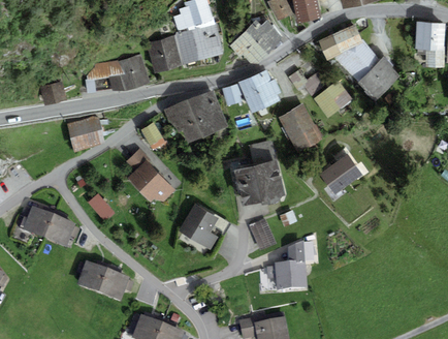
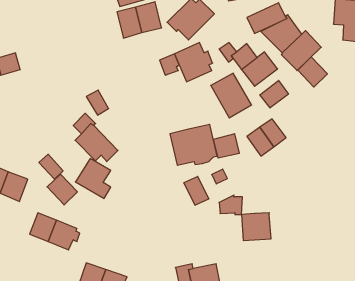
building: [147,35,182,71] -> none
building: [85,53,150,92] -> none
building: none -> [298,57,327,87]
building: [164,90,228,146] -> none
building: none -> [260,80,288,108]
building: [66,115,105,152] -> none
building: [249,138,278,165] -> [213,134,239,158]
building: [179,205,218,249] -> [75,158,111,198]
building: none -> [47,174,77,205]
building: [275,258,308,289] -> [241,213,271,241]

